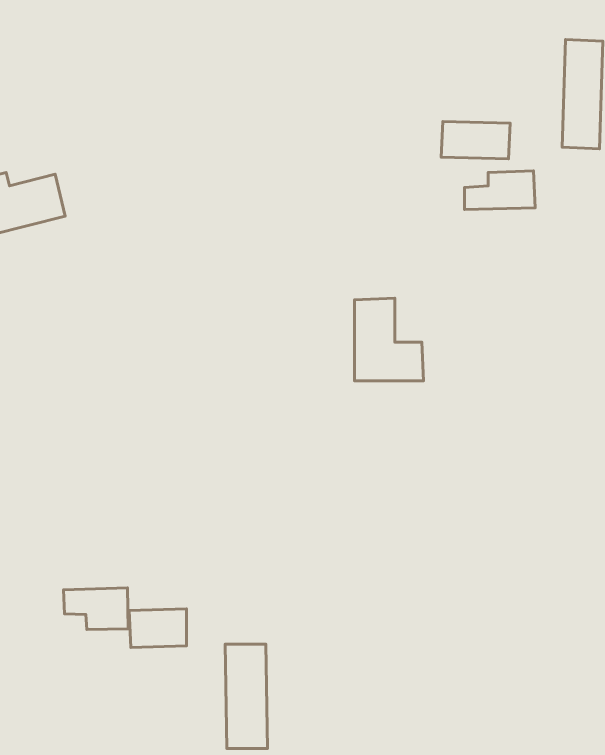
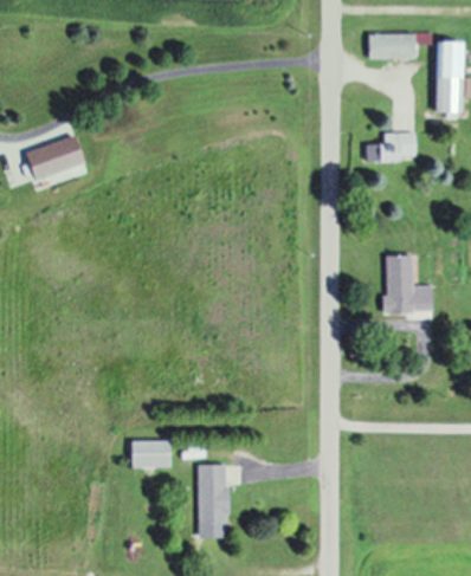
building: [441,122,510,159] -> [368,33,417,59]
building: [354,298,424,381] -> [385,254,433,312]
building: [63,588,128,629] -> none

